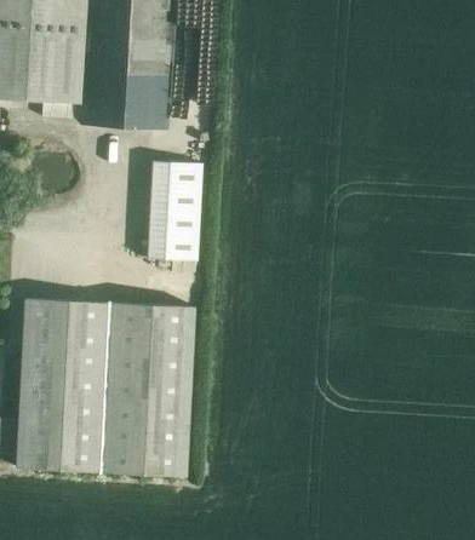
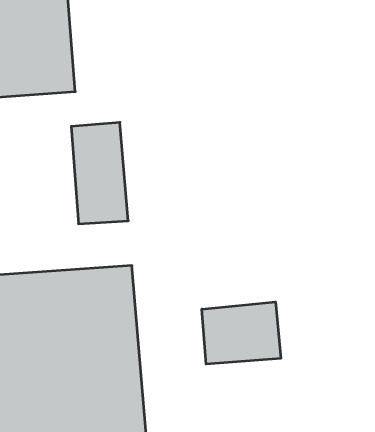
building: none -> [202,302,281,364]

